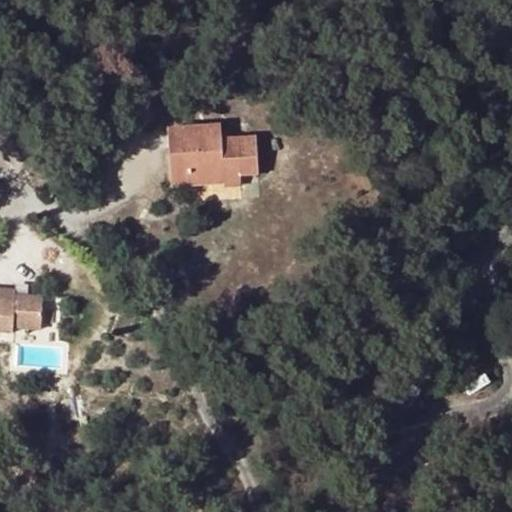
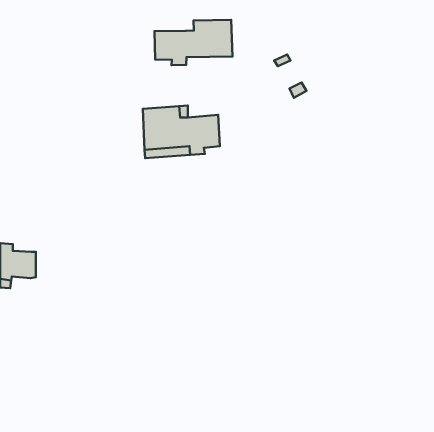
building: none -> [155,20,233,65]

